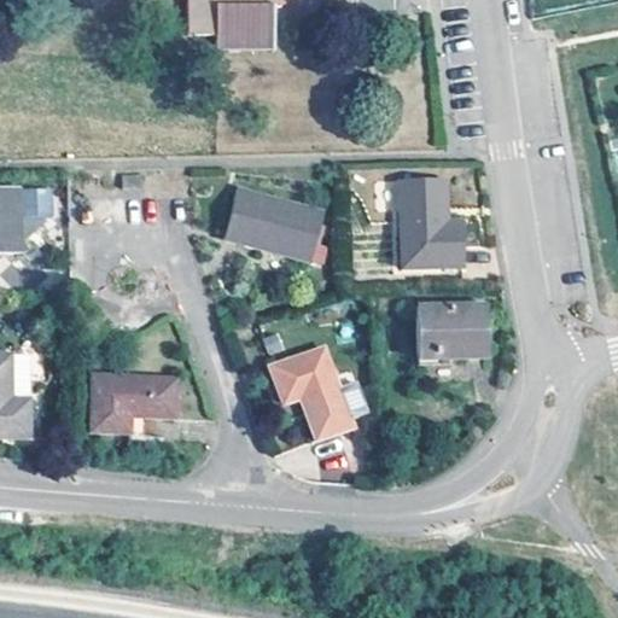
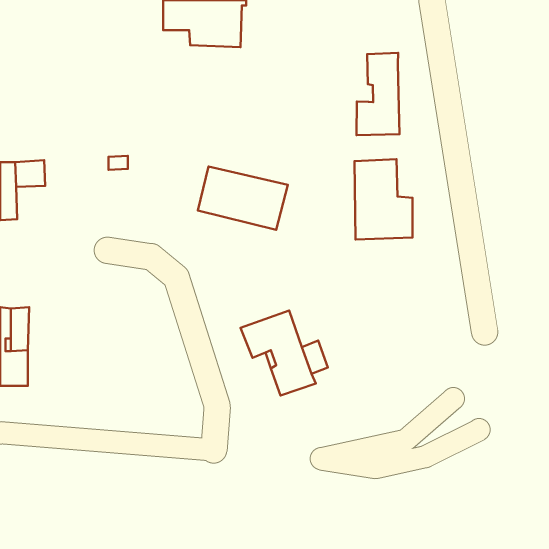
building: none -> [357,53,399,135]
building: [415,305,486,360] -> none
building: [88,372,177,431] -> none

